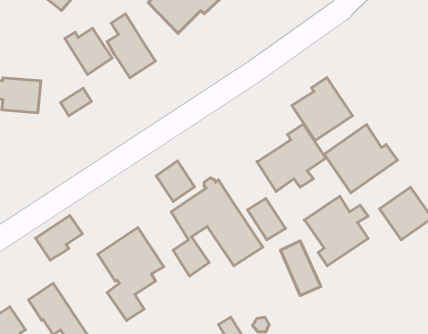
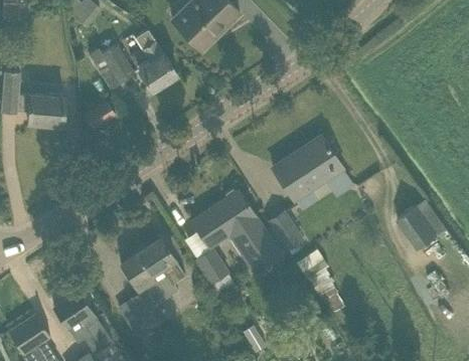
building: [292,77,352,140] -> none
building: [324,124,398,193] -> none
building: [156,161,194,201] -> none
building: [304,196,368,266] -> none
building: [36,216,83,260] -> none

